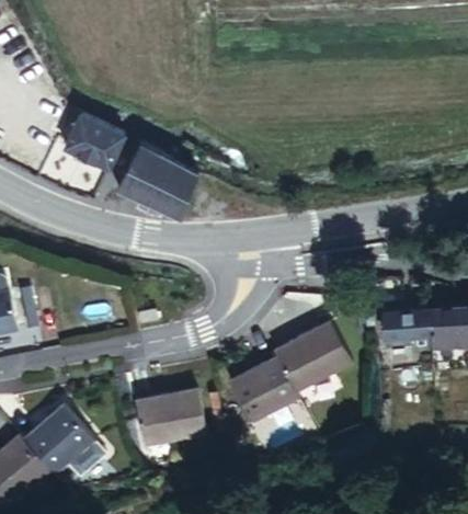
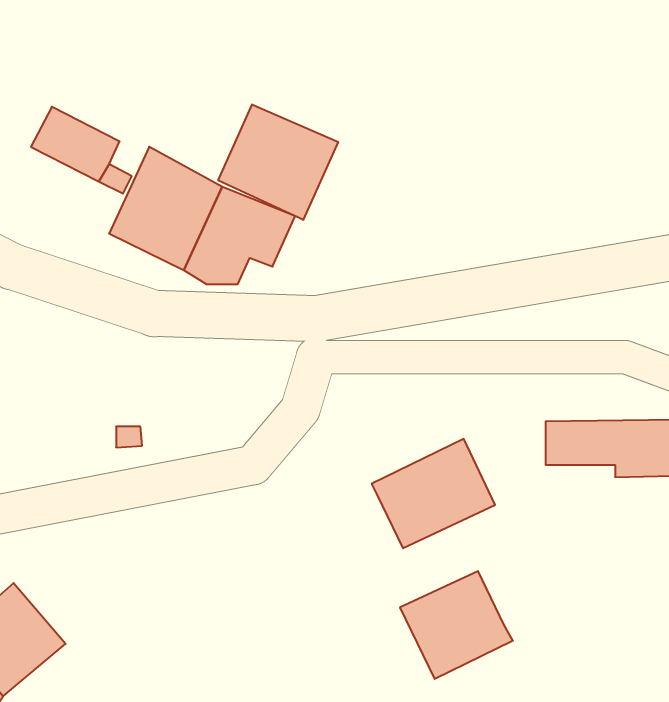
building: none -> [218,104,338,220]
building: [232,355,304,423] -> [400,571,513,679]
building: [136,386,208,446] -> none

